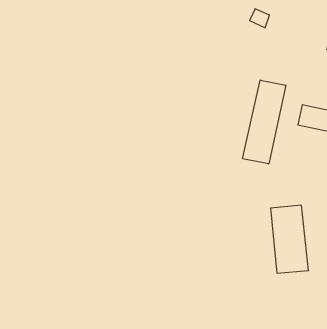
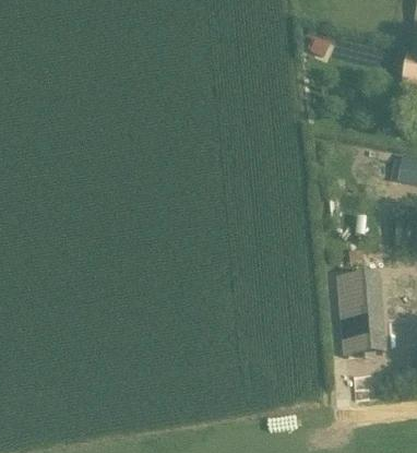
building: [243,80,286,164] -> none

